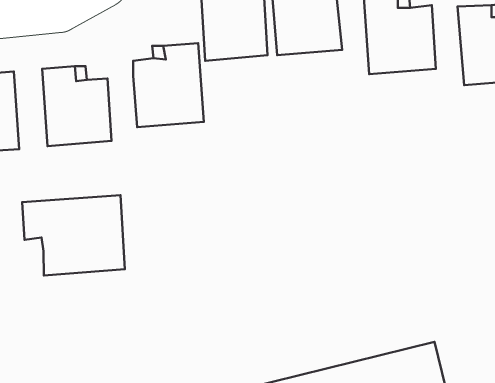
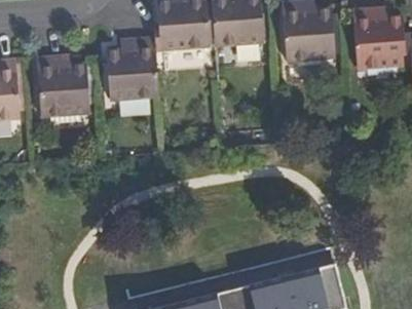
building: [22,195,125,275] -> none

